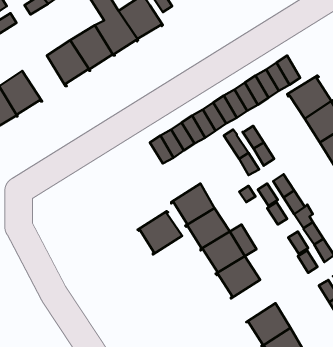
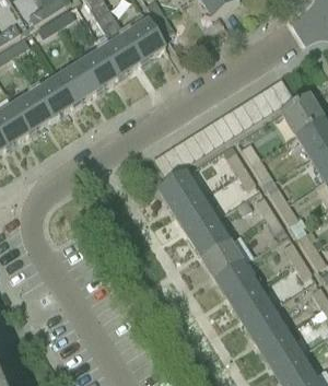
building: none -> [34,75,74,118]
building: [138,211,182,254] -> [159,172,200,212]
building: none -> [229,284,270,324]

